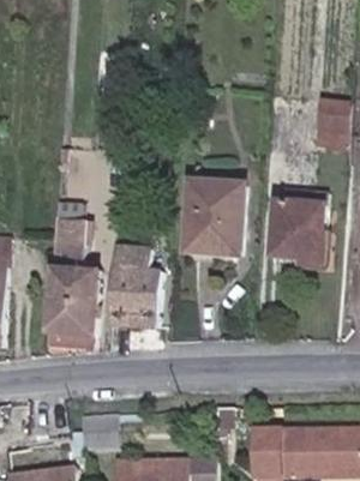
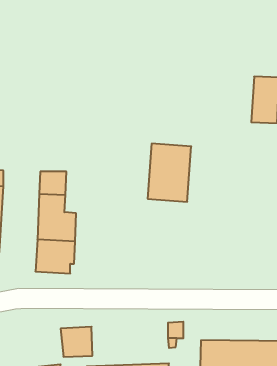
building: [275,191,325,259] -> none
building: [109,247,160,329] -> none

